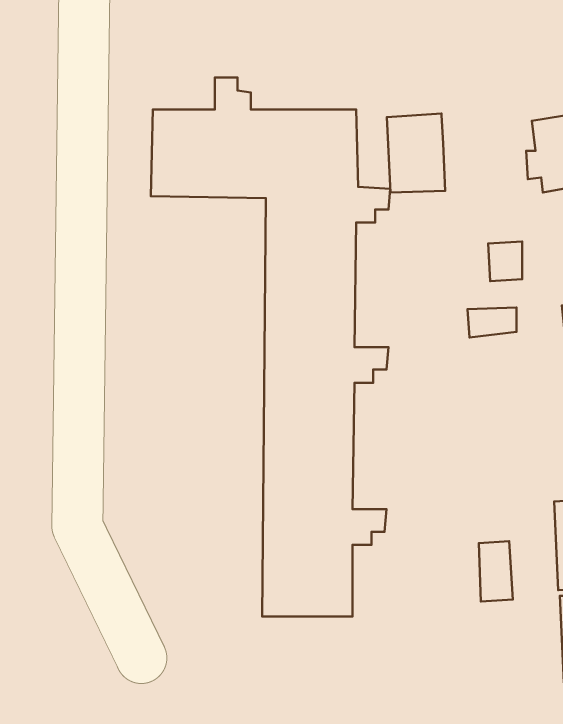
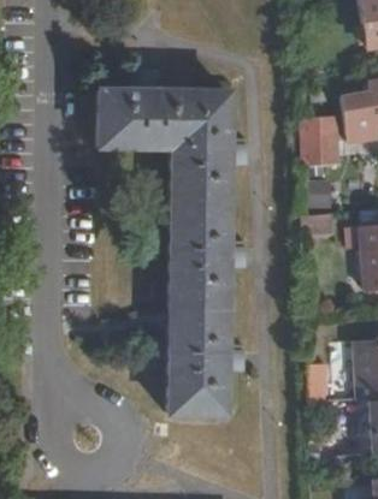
building: [387,113,445,193] -> [302,117,339,167]

